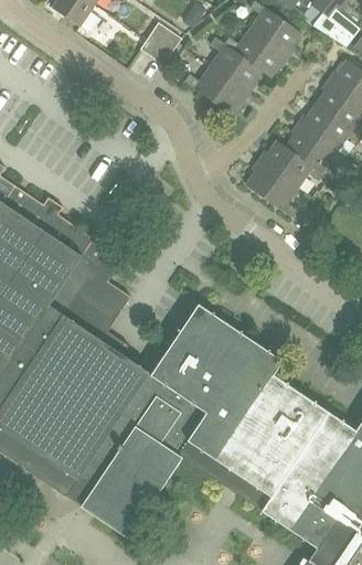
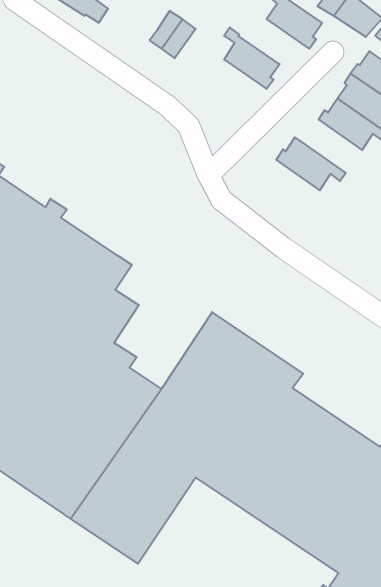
building: [223,30,289,78] -> none
building: [184,67,249,115] -> none
building: [283,124,339,180] -> none
building: [246,161,299,217] -> none

